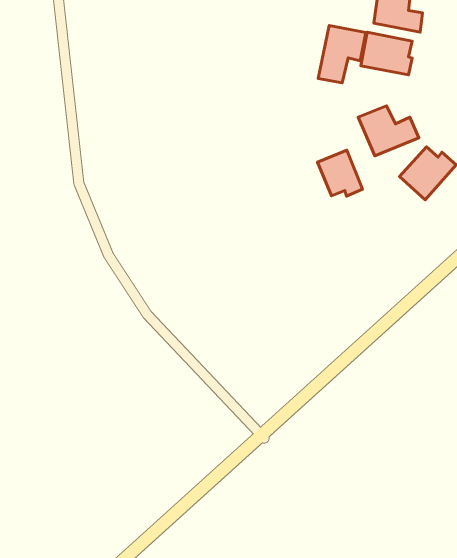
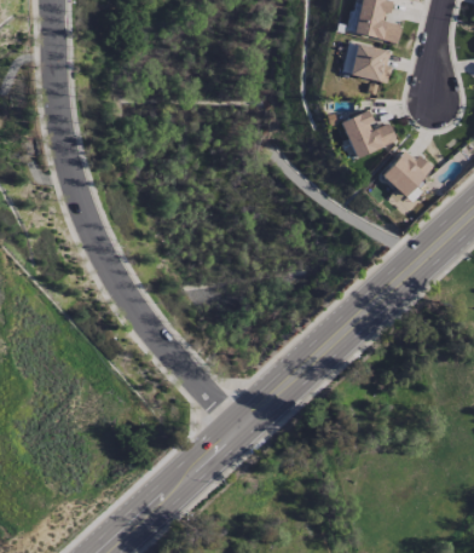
building: [318,26,366,83] -> none
building: [317,150,363,196] -> none

